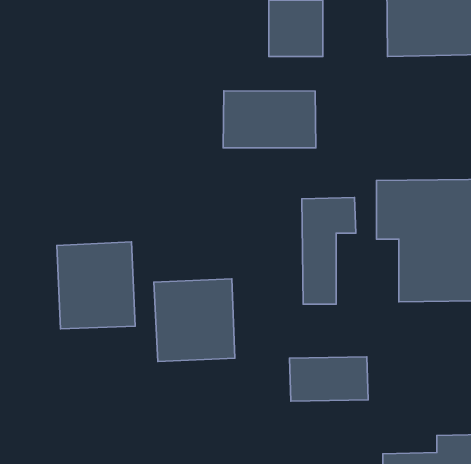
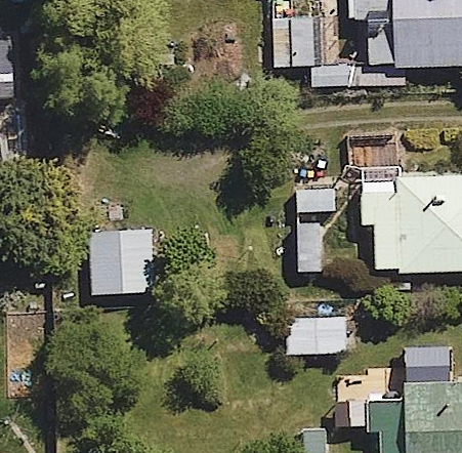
building: [223,91,316,148] -> none
building: [154,279,235,361] -> none

